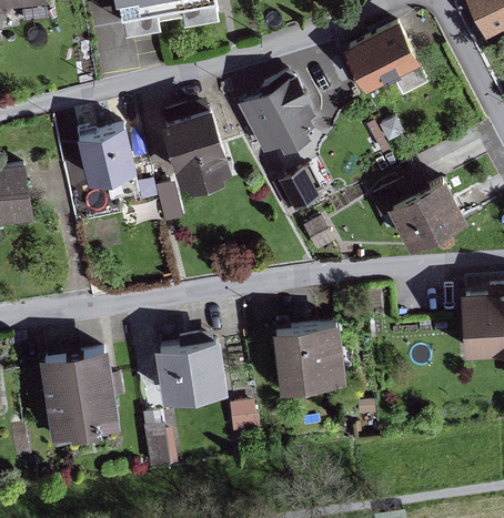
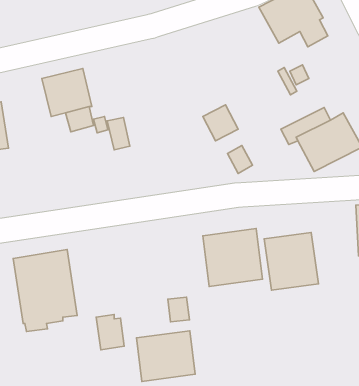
building: [239,75,319,153] -> none
building: [160,109,230,190] -> none
building: none -> [264,233,319,290]
building: [154,341,226,403] -> [136,331,195,381]

